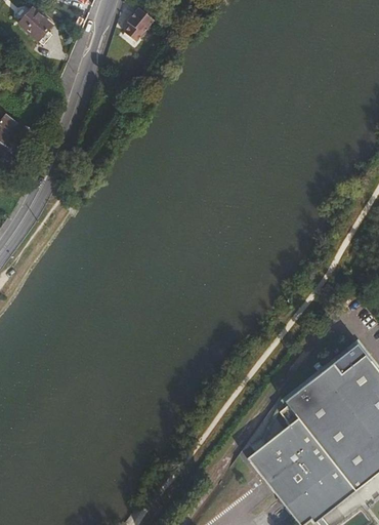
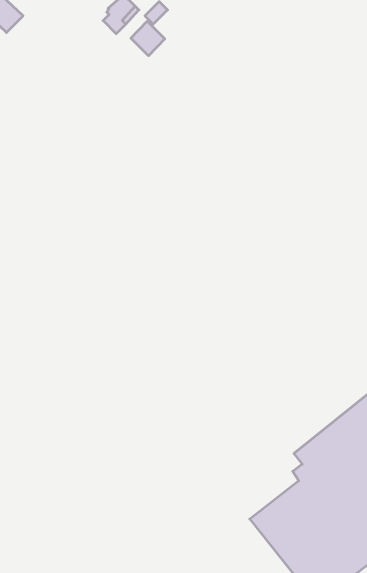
building: none -> [131,21,165,56]

